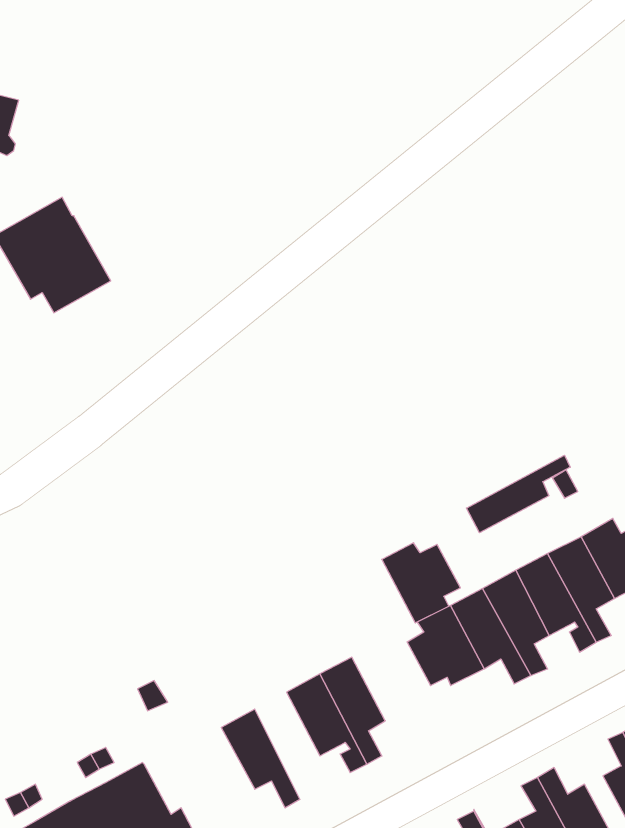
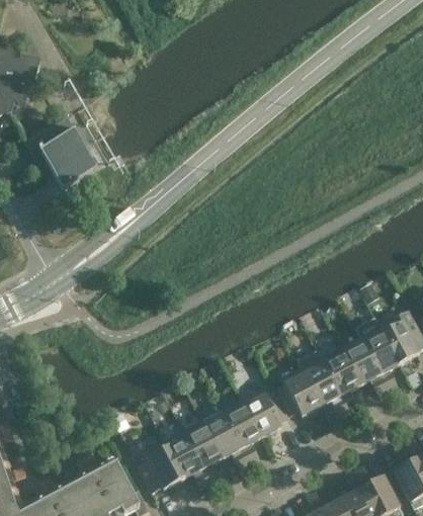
building: [466,455,570,533] -> none
building: [382,543,460,623] -> [242,390,289,438]
building: none -> [183,421,223,486]
building: none -> [139,442,183,494]

